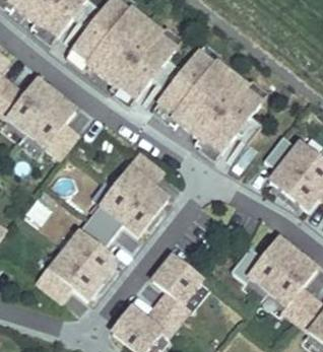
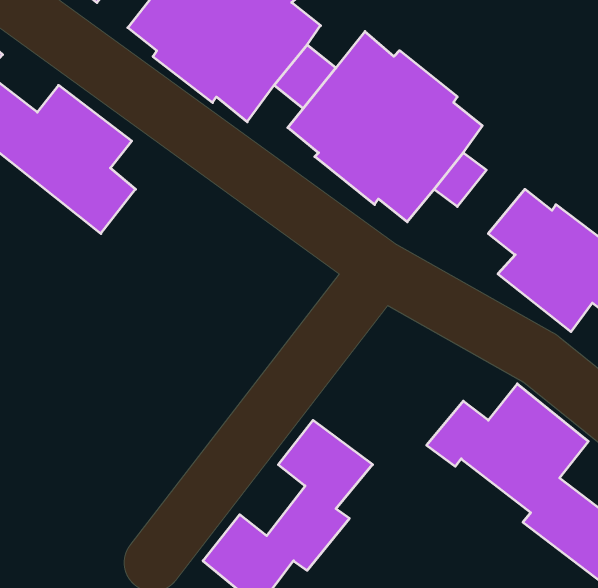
building: [38,151,168,299] -> none

